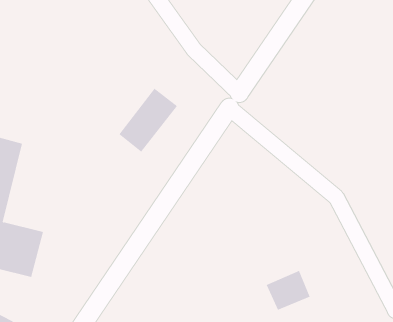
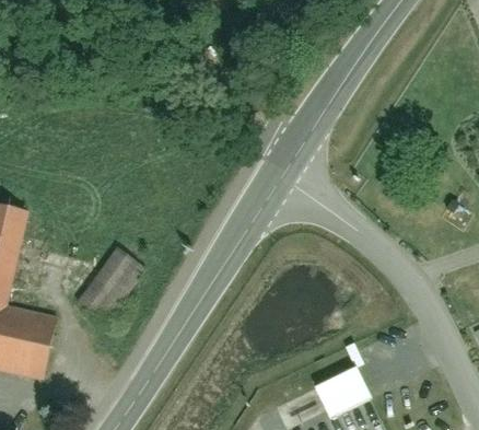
building: [119,88,178,153] -> [74,244,145,322]

